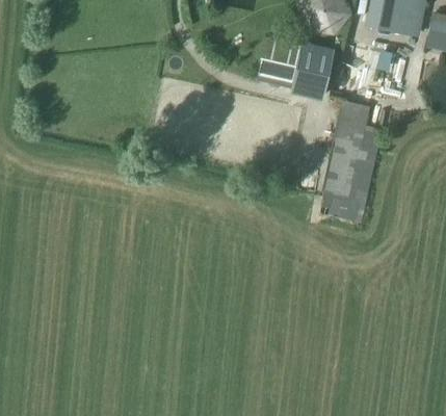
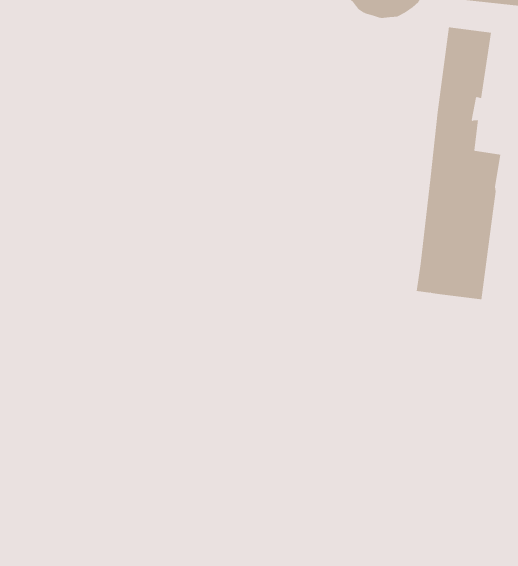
building: [256,36,334,97] -> none

